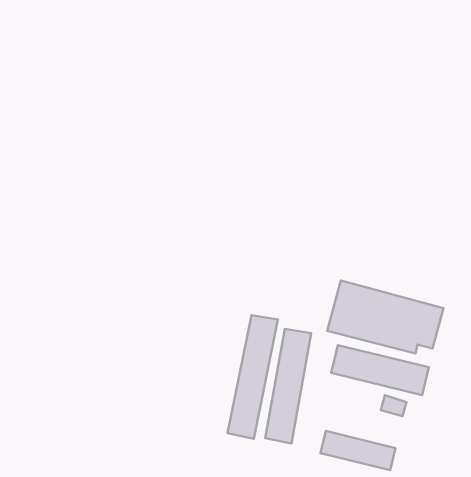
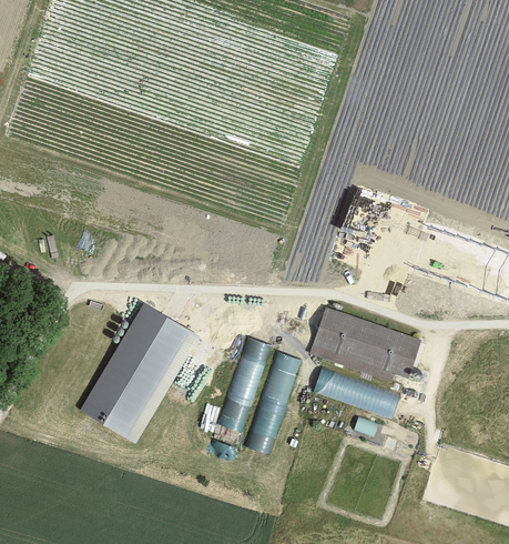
building: none -> [82,308,196,442]
building: [320,431,395,470] -> none

